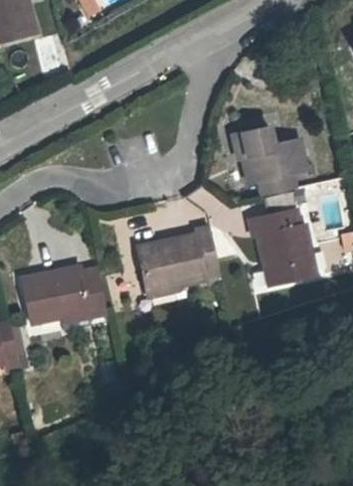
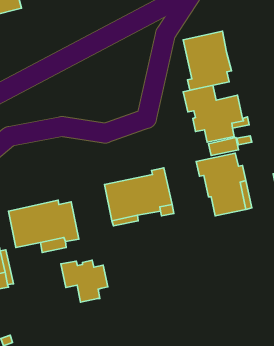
building: none -> [183,31,231,90]
building: none -> [61,260,108,302]

